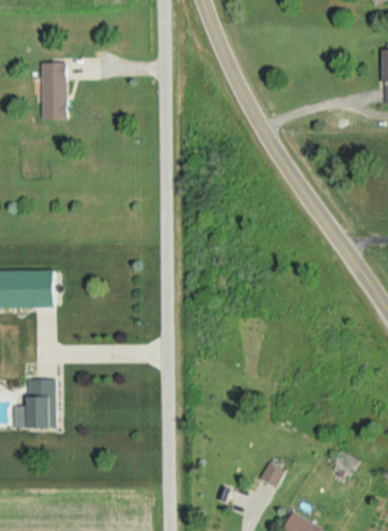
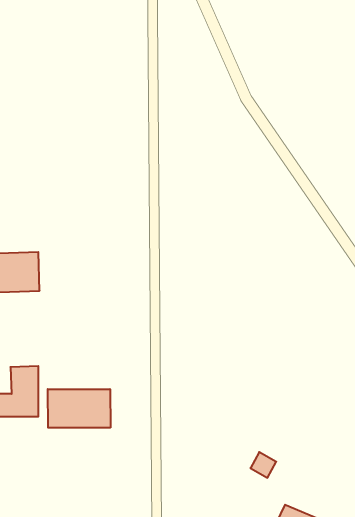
building: [40,61,67,118] -> none
building: none -> [48,389,110,428]

